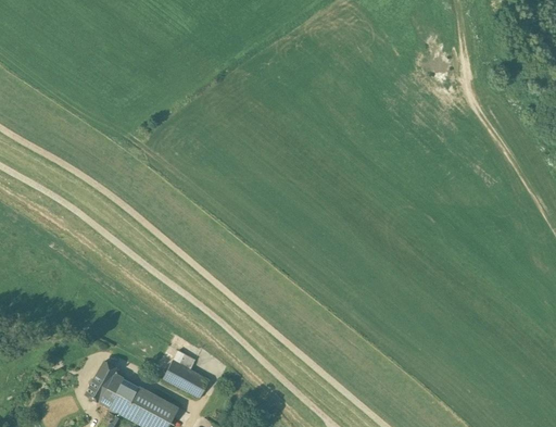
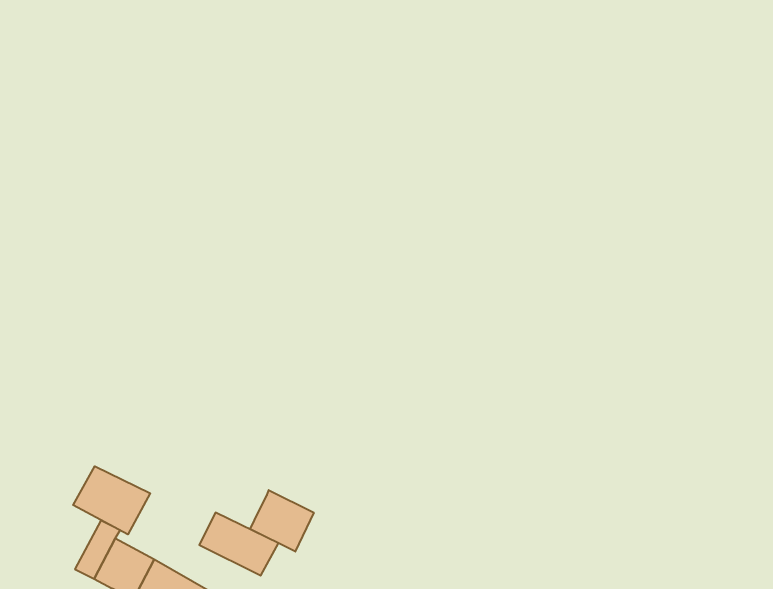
building: none -> [73,466,150,534]
building: none -> [250,490,314,552]

